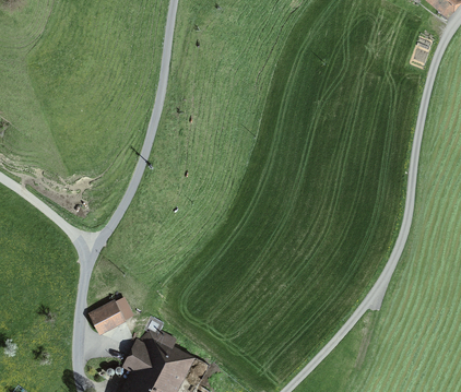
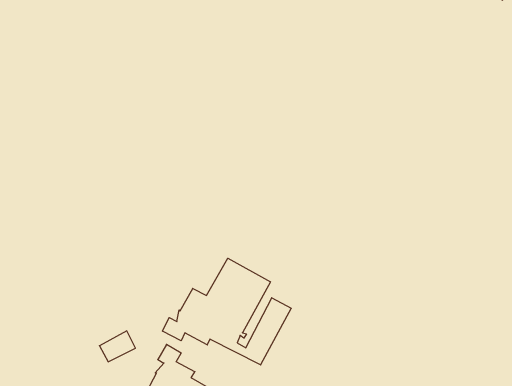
building: none -> [163,258,291,365]

